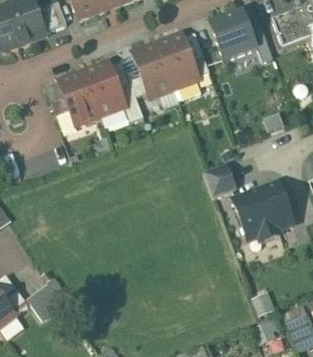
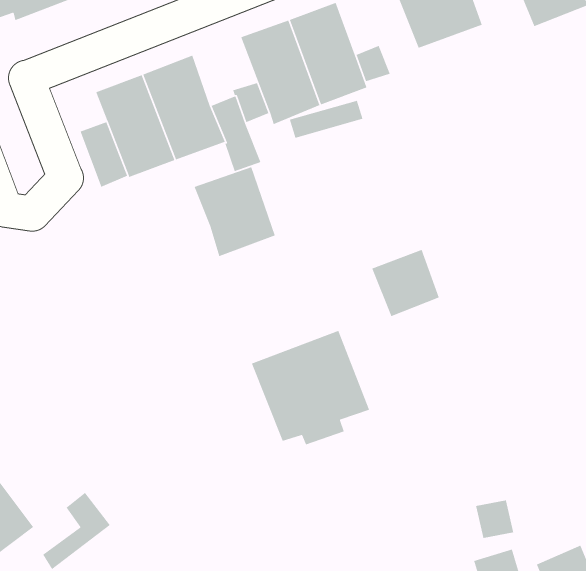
building: none -> [193,166,276,258]
building: [233,182,294,241] -> [251,330,370,446]

